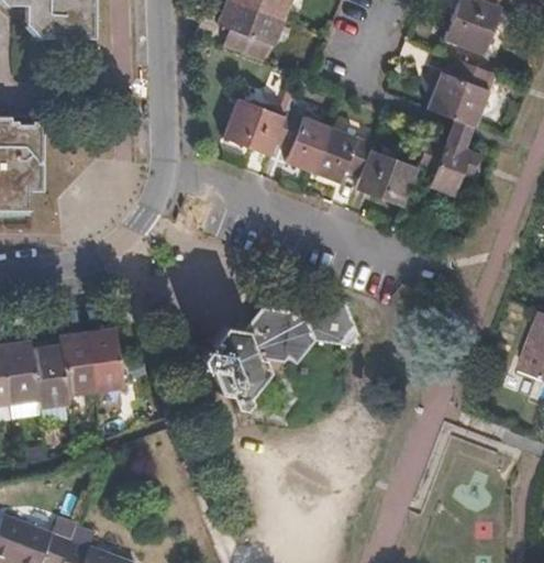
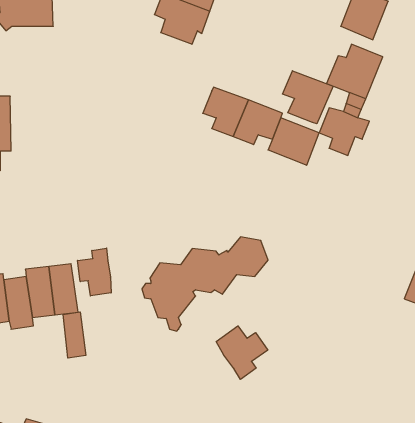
building: none -> [283,71,333,124]
building: [223,97,286,156] -> none
building: none -> [78,248,111,296]
building: none -> [63,312,86,358]
building: none -> [216,326,268,379]

